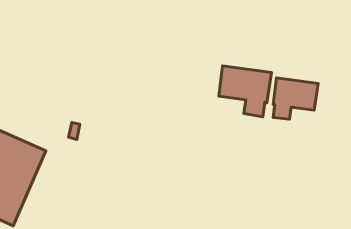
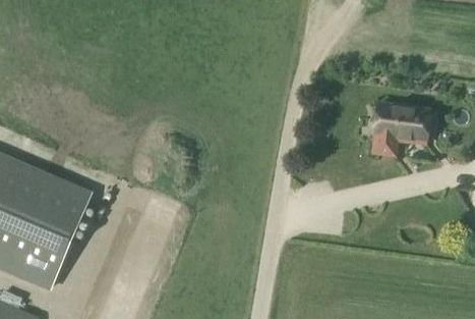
building: [219,66,271,117] -> none

